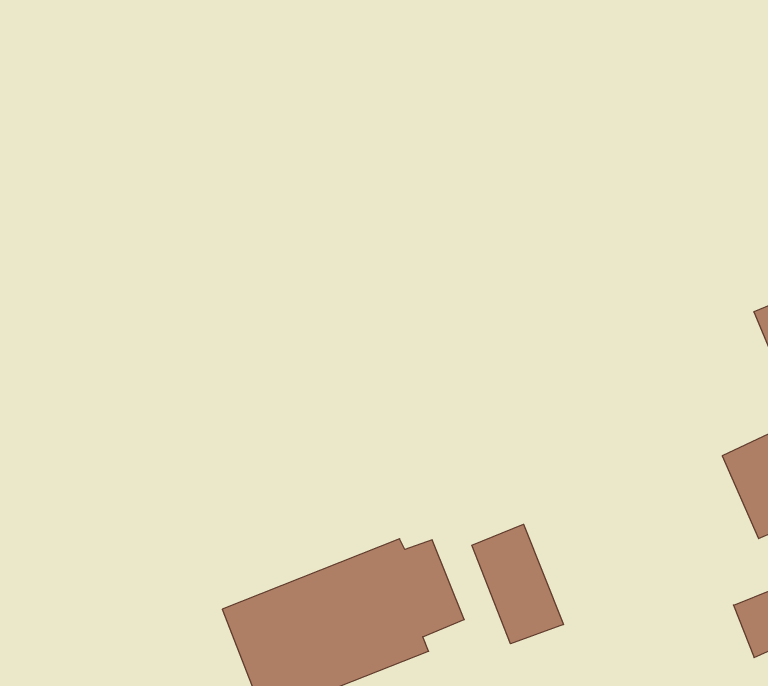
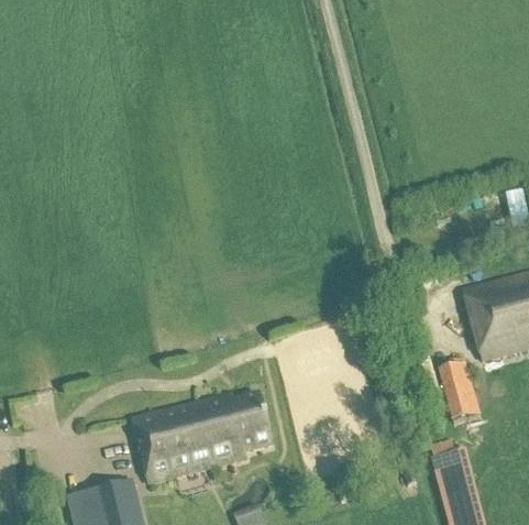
building: [472,524,563,644] -> none

